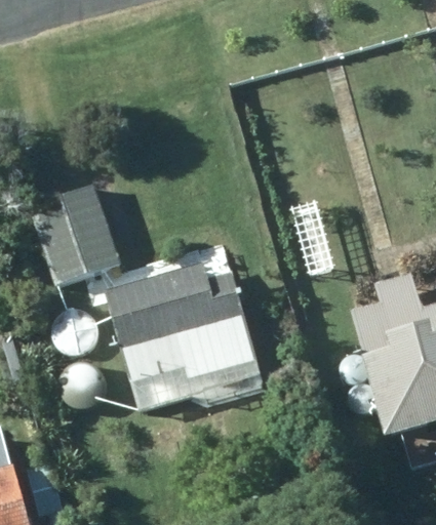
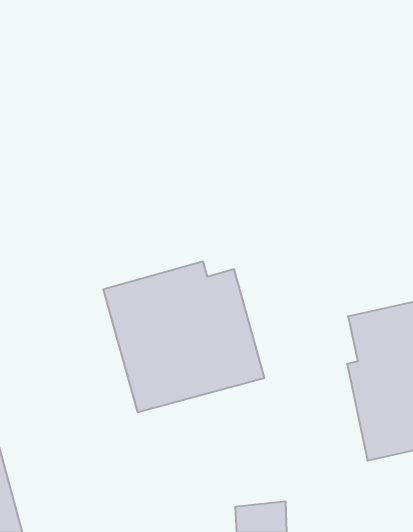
building: [29,186,120,286] -> none

